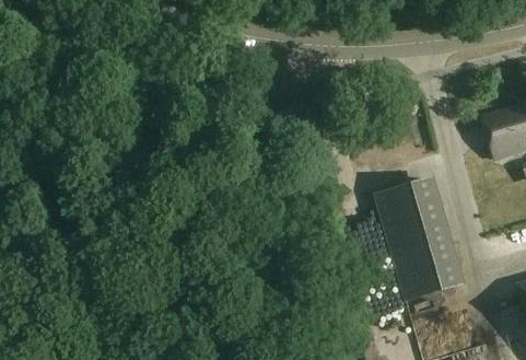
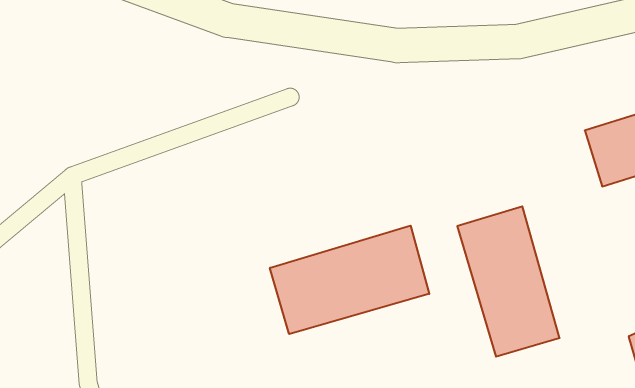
building: none -> [270,226,429,334]

